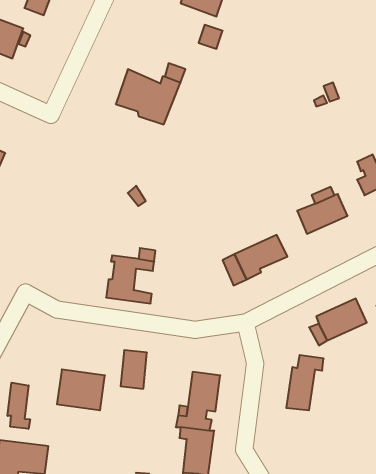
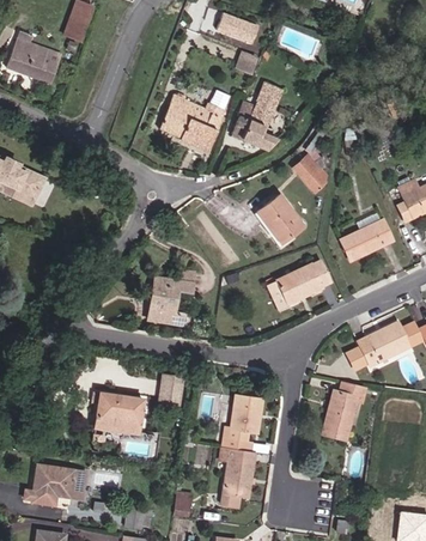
building: none -> [230,77,280,147]
building: none -> [293,156,331,194]
building: none -> [257,193,308,245]
building: [8,383,30,429] -> none

